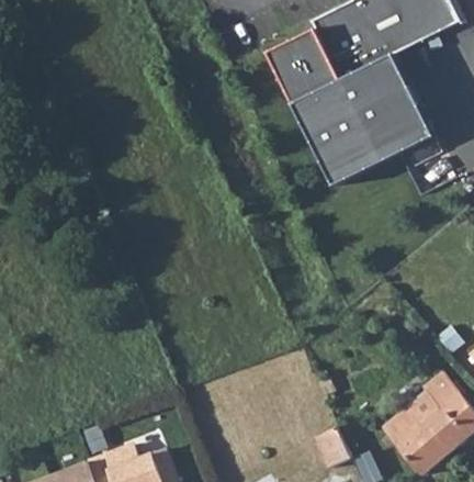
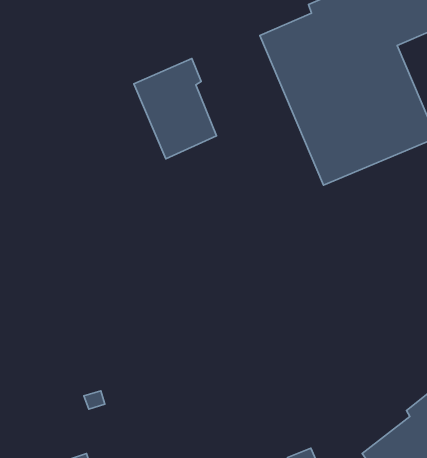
building: none -> [134,58,217,159]

